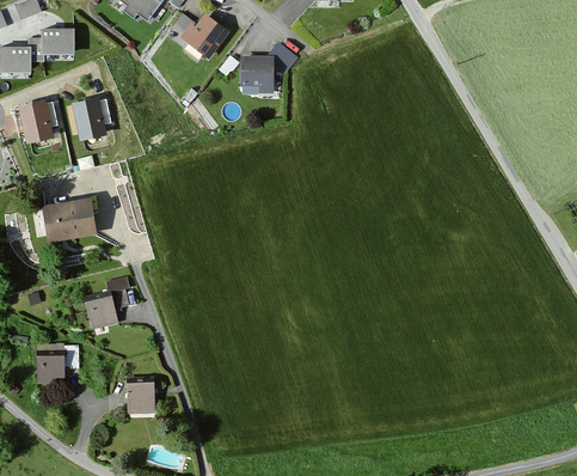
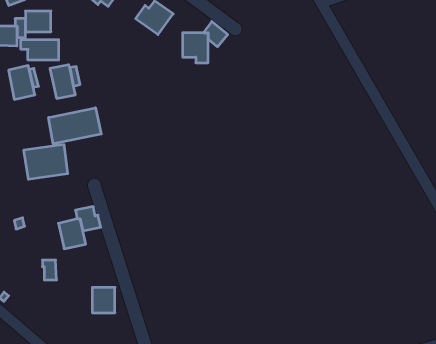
building: none -> [21,40,59,60]
building: none -> [49,108,101,144]
building: [35,353,65,384] -> none

